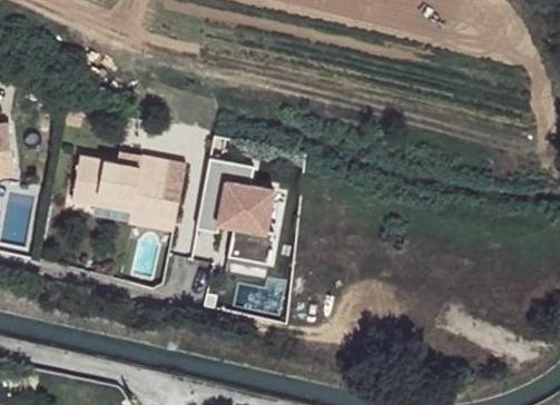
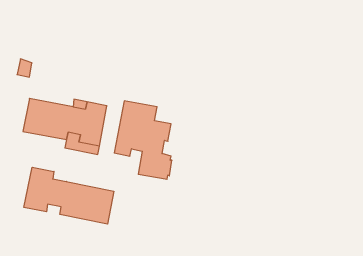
building: none -> [24,167,114,224]

